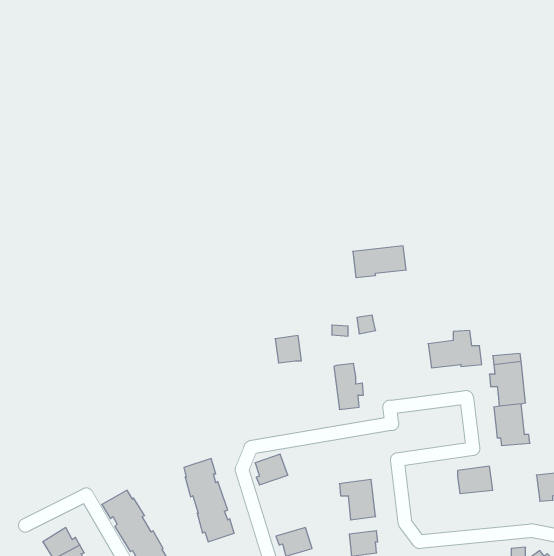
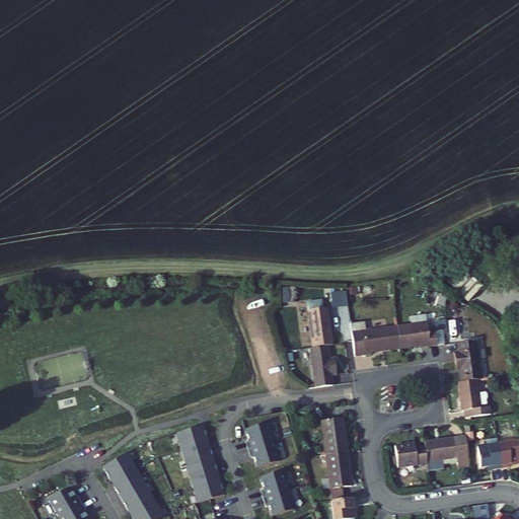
building: [353,246,406,278] -> [355,321,404,351]
building: [275,336,301,363] -> [313,316,338,342]
building: none -> [320,413,349,450]
building: none -> [479,436,505,468]
building: none -> [399,441,431,465]
building: none -> [245,443,279,470]
building: none -> [257,472,288,500]

